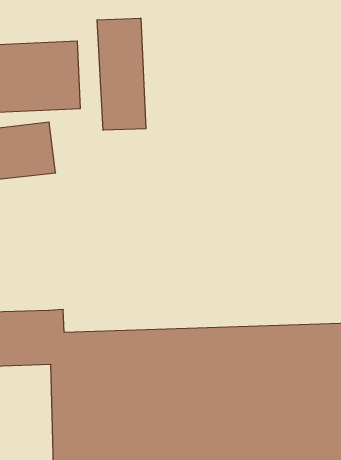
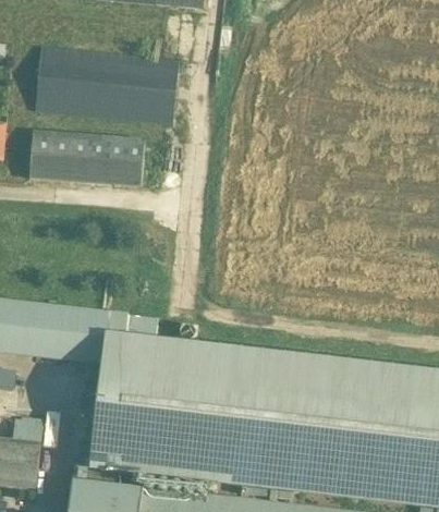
building: [97,18,146,130] -> none

